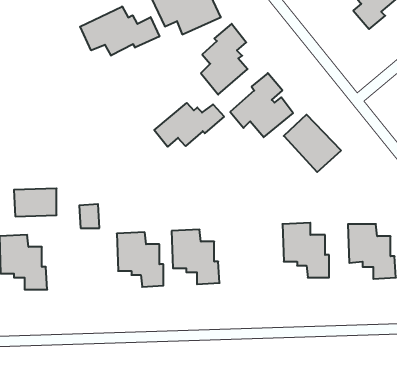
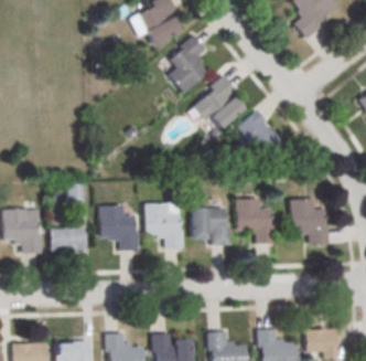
building: [80,6,159,56] -> none
building: [154,103,224,147] -> none
building: [14,188,57,216] -> [50,226,85,249]
building: none -> [191,206,230,245]

